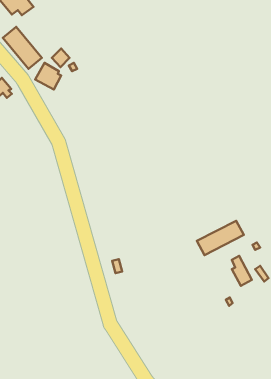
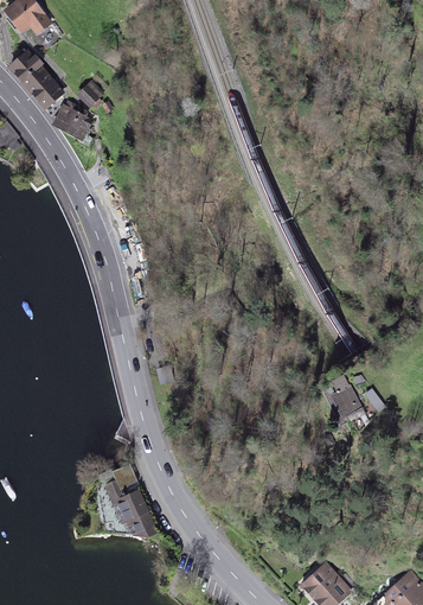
building: [197,221,244,255] -> none
building: none -> [102,463,155,535]

